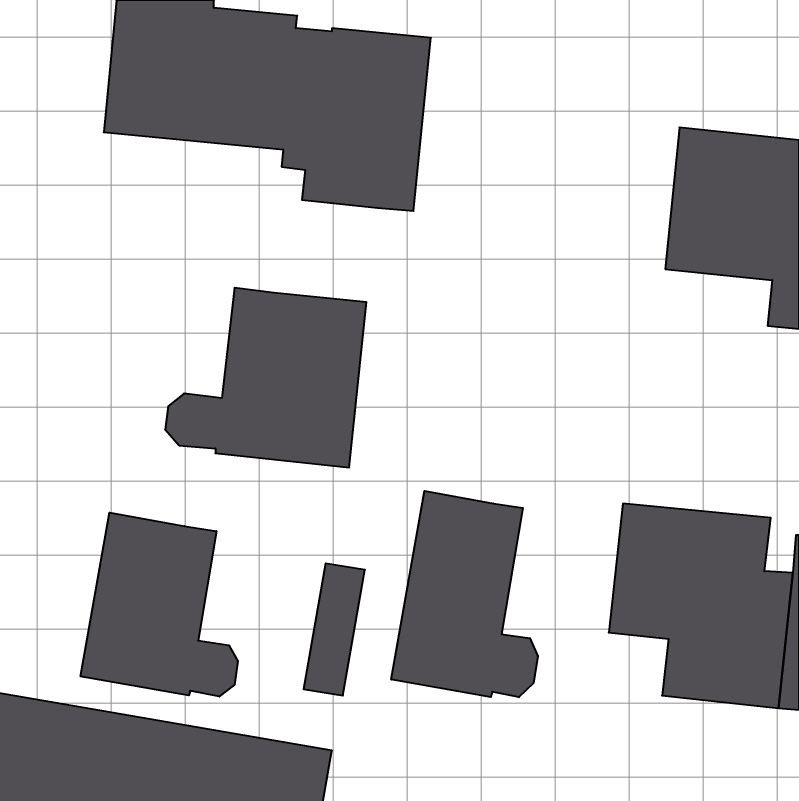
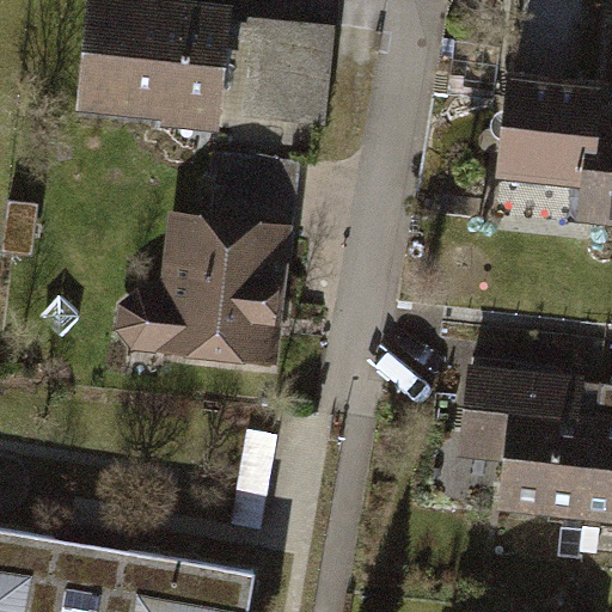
building: none -> [208,153,287,232]
building: [391,491,538,697] -> none
building: [81,513,238,697] -> none

